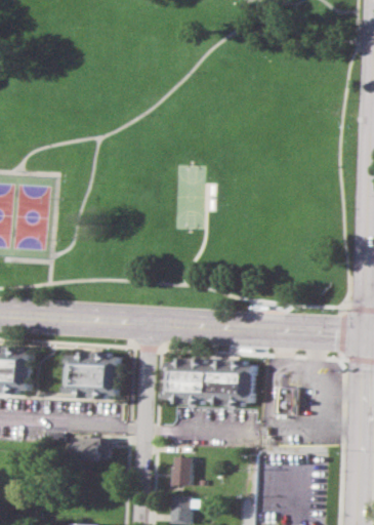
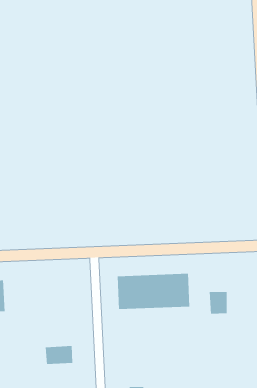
building: [68,356,123,396] -> none
building: [174,456,192,485] -> none

